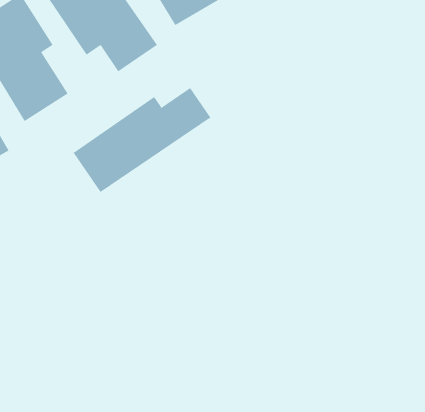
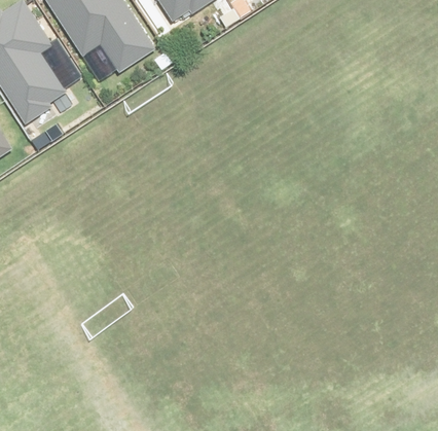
building: [73,87,211,193] -> none

